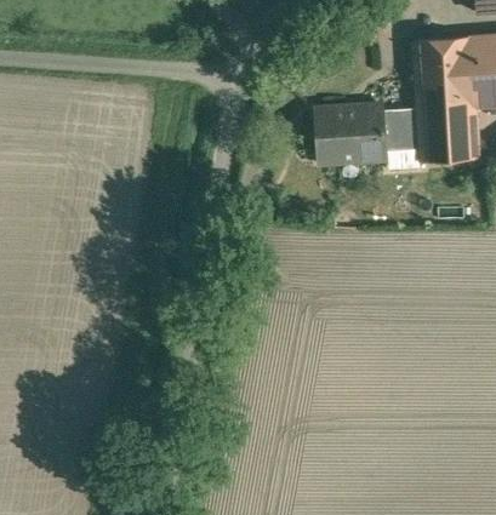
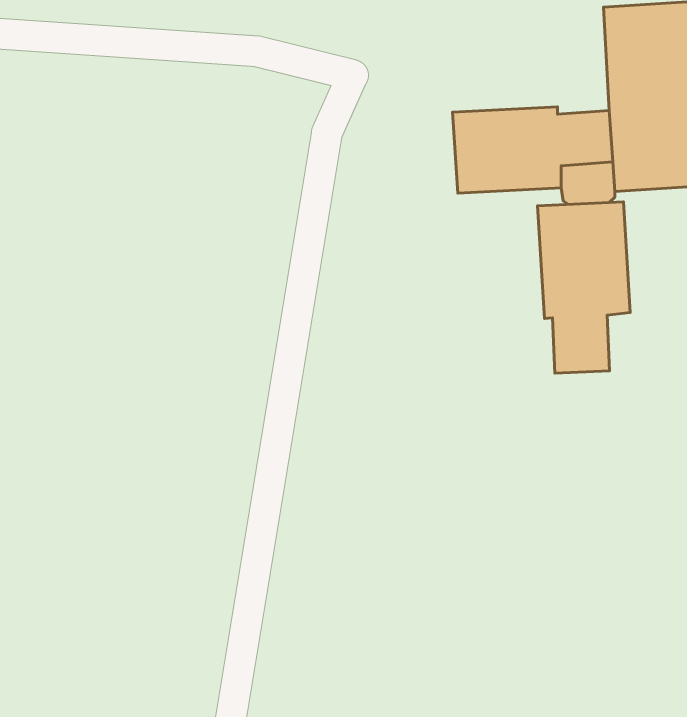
building: none -> [537,202,630,373]

